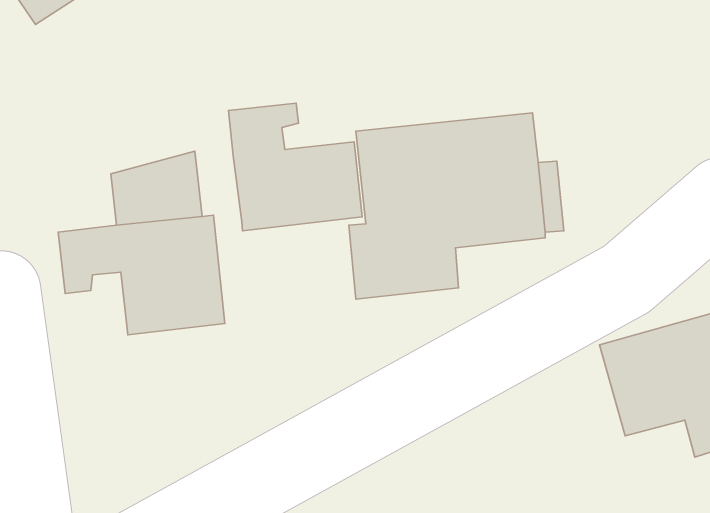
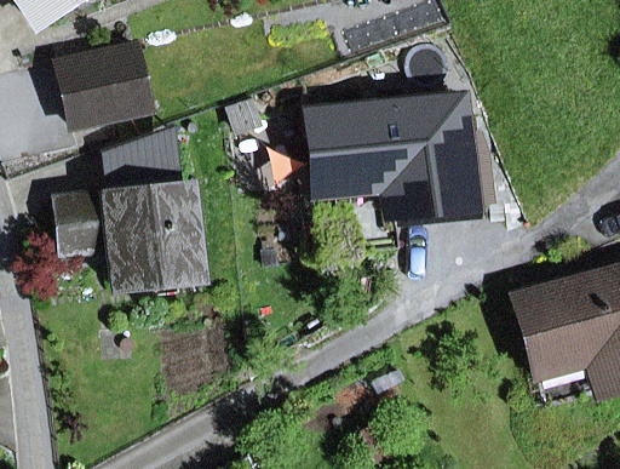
building: none -> [57,42,148,125]
building: [228,103,362,231] -> none

